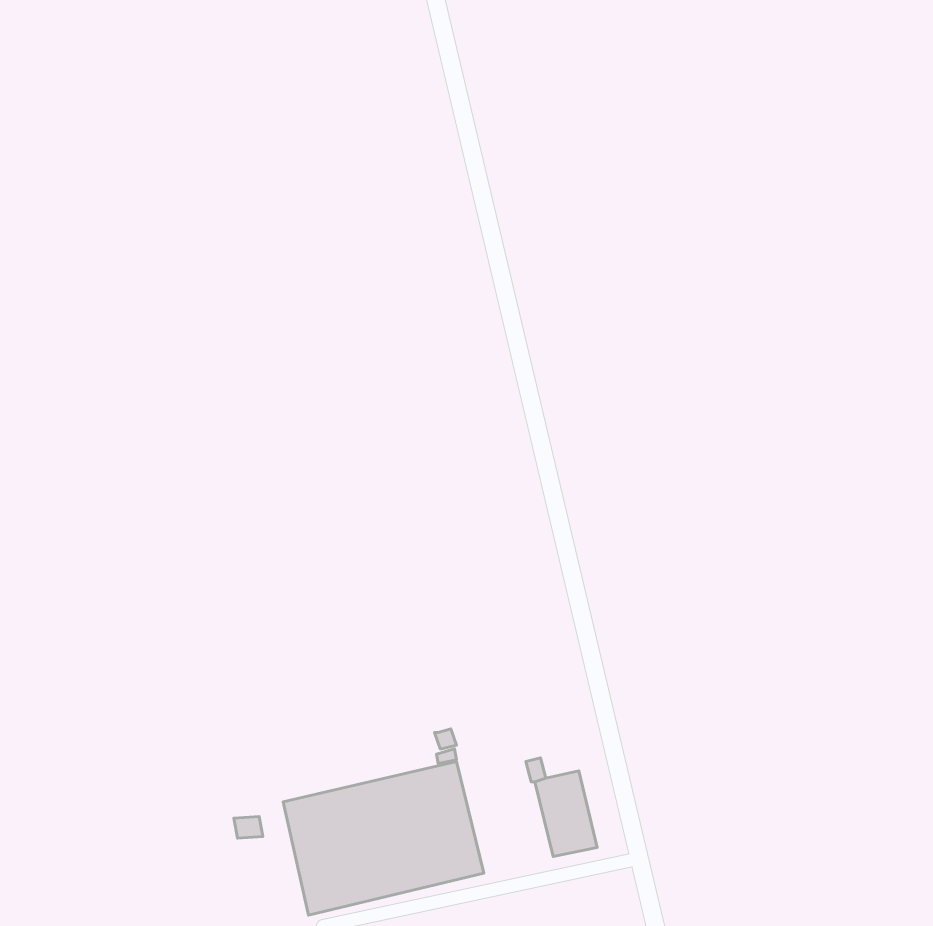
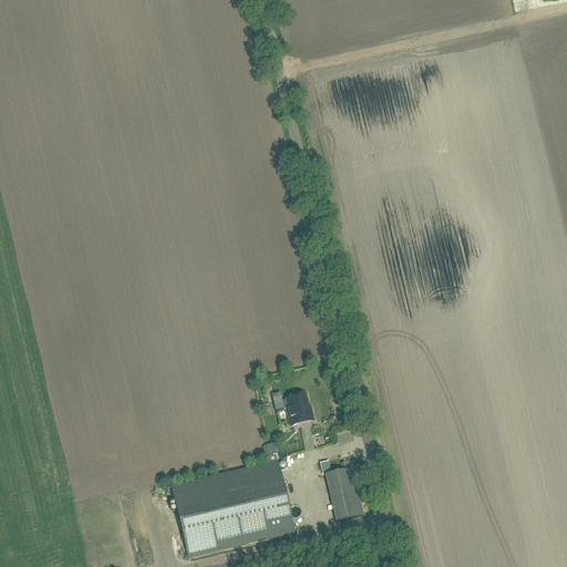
building: none -> [286,393,312,424]

